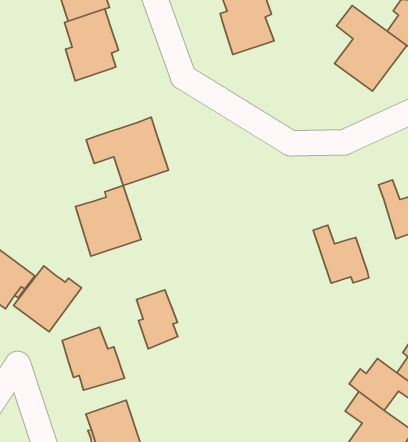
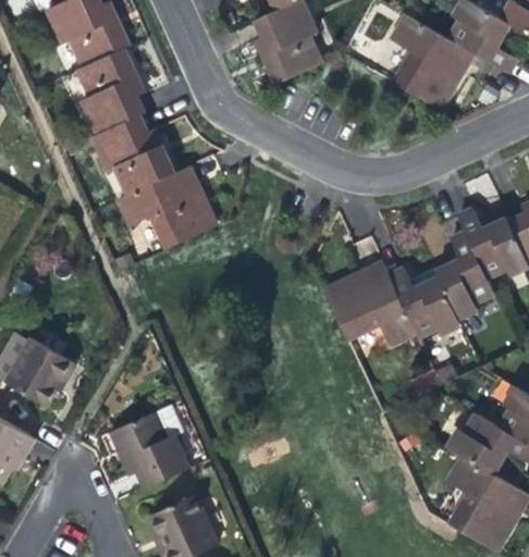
building: none -> [94,114,174,194]
building: [76,185,141,256] -> none
building: none -> [435,232,492,317]
building: none -> [322,261,415,343]
building: [13,266,82,332] -> none
building: [137,290,178,349] -> none

